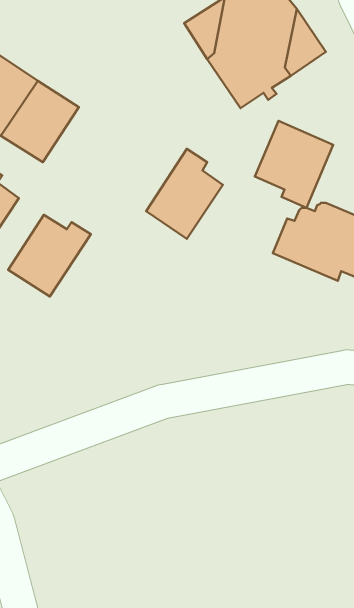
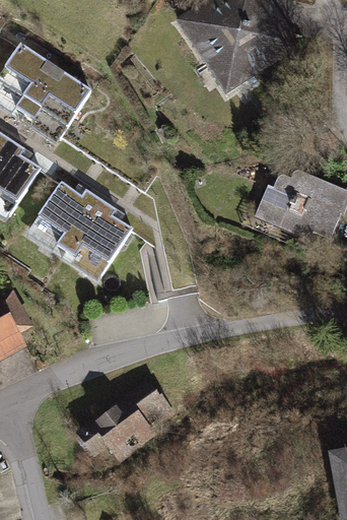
building: [255,121,333,208] -> none
building: [146,149,223,239] -> [66,199,131,275]
building: none -> [80,385,169,460]

